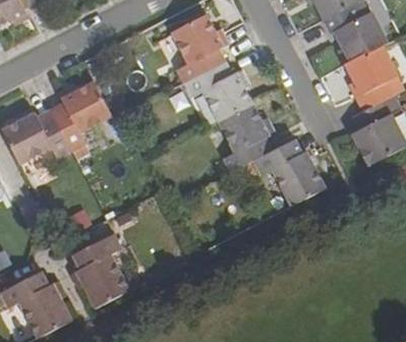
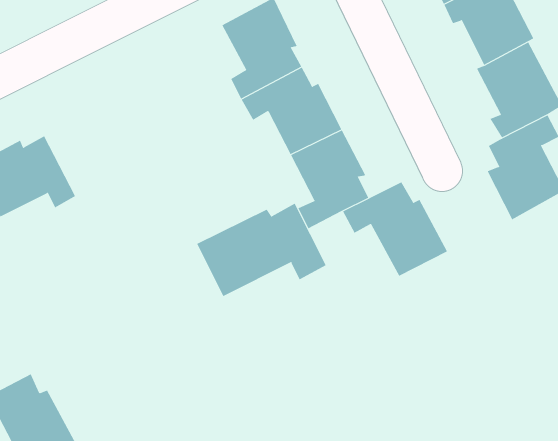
building: [50,80,112,150] -> none
building: none -> [197,203,326,297]
building: [71,232,130,308] -> none

